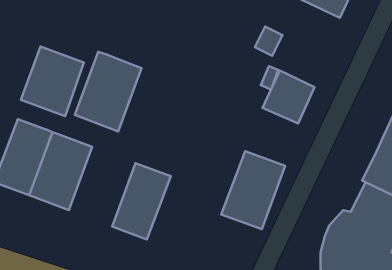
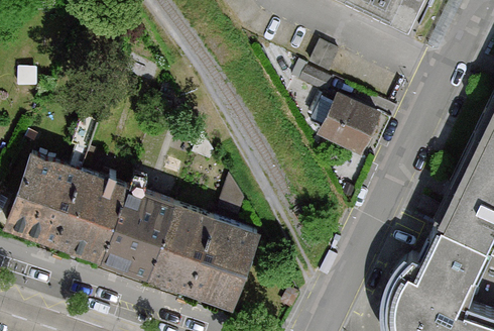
building: [21,47,84,116] -> none
building: [75,52,142,131] -> [94,183,171,275]
building: [221,151,285,229] -> [184,217,259,308]

